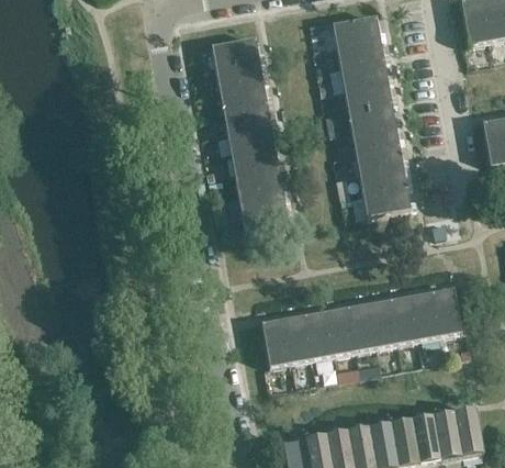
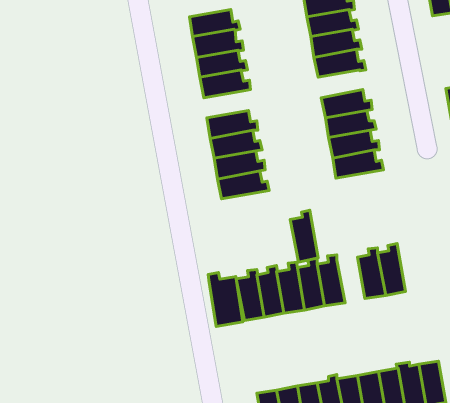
building: [347,101,394,131] -> none
building: [226,123,280,152] -> none
building: [431,281,460,335] -> none
building: [367,292,396,347] -> [290,210,318,262]
building: none -> [208,272,243,327]

